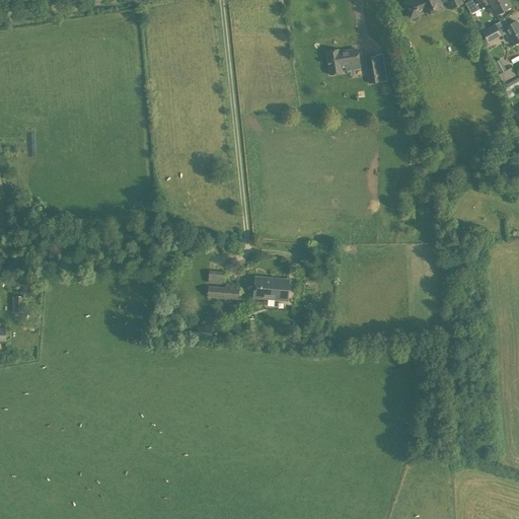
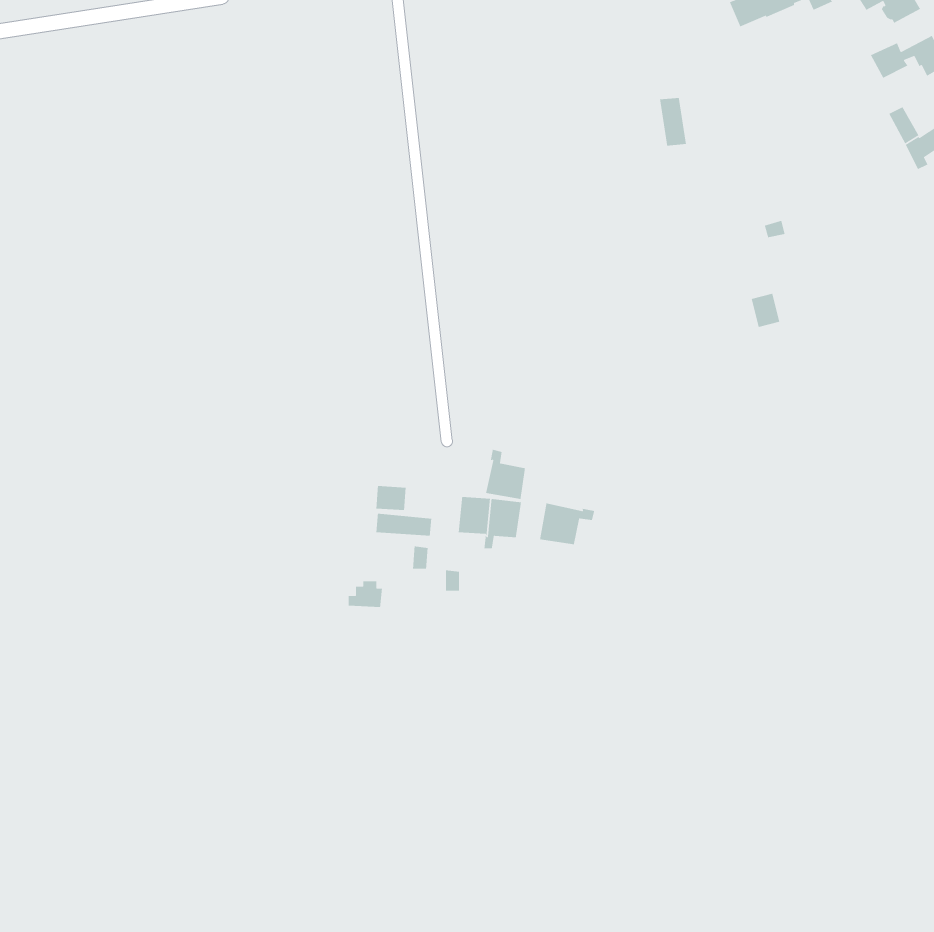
building: [326,47,360,73] -> none
building: none -> [485,449,526,500]
building: none -> [539,502,595,545]

